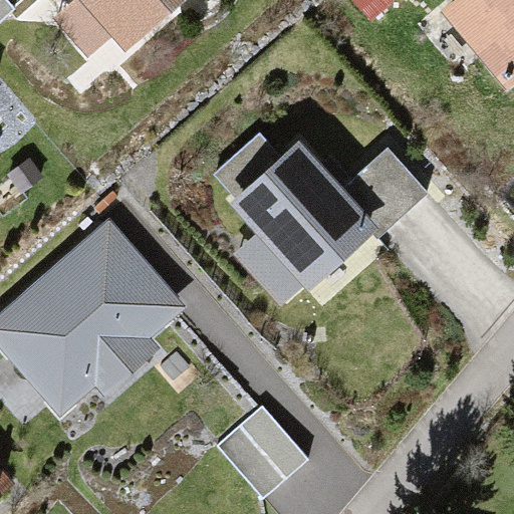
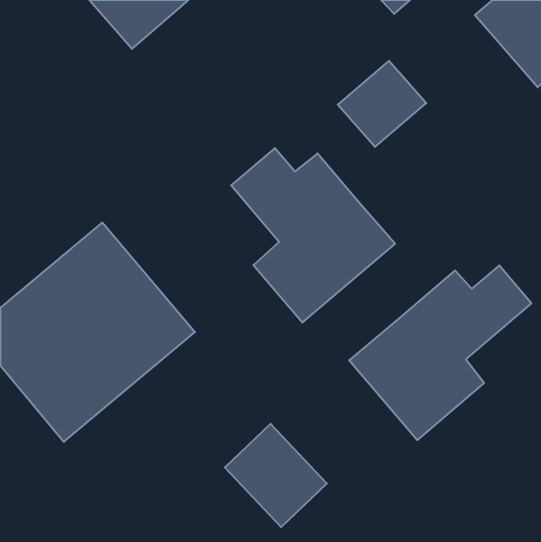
building: [340,151,424,232] -> [338,61,426,147]
building: none -> [349,265,531,440]

